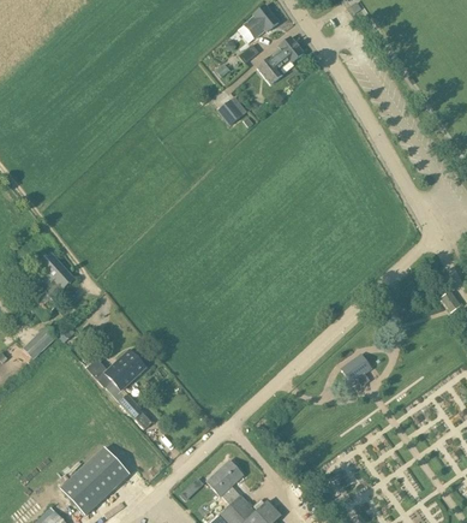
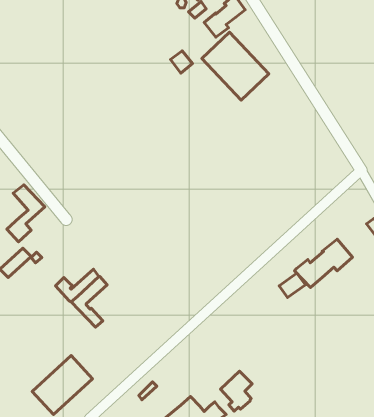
building: none -> [202,32,269,100]
building: none -> [295,239,353,288]
building: [206,460,243,506] -> [221,371,252,411]

